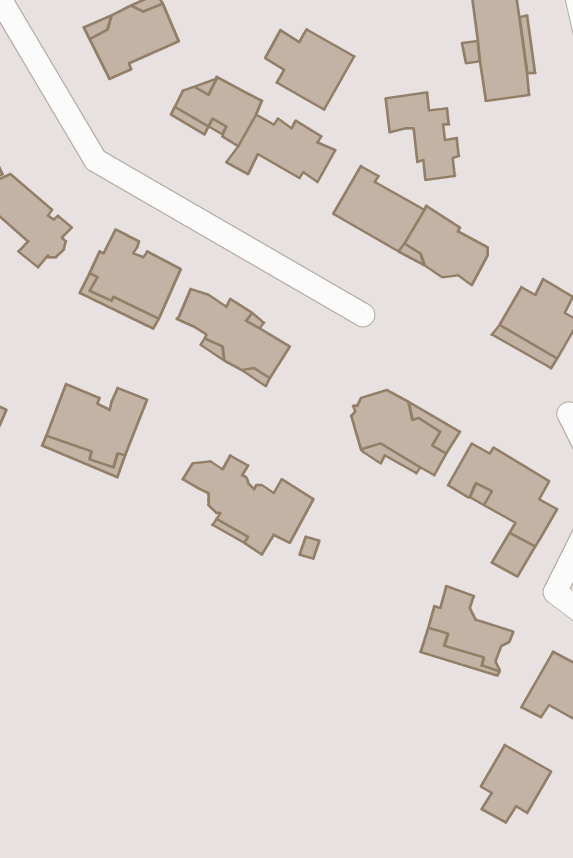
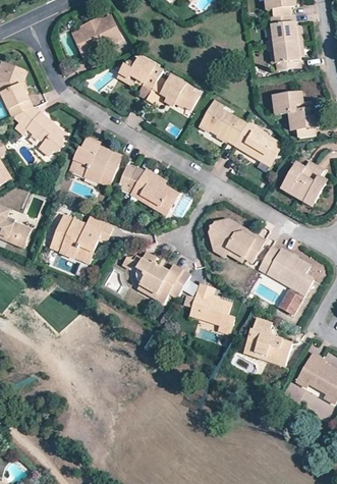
building: [265,29,354,110] -> none
building: [386,93,459,180] -> [281,93,319,138]
building: none -> [192,284,235,334]
building: [481,745,551,823] -> none

